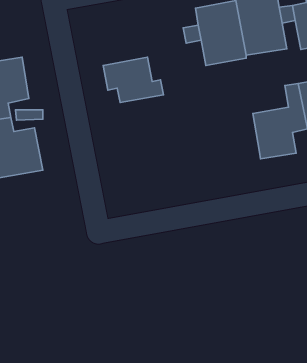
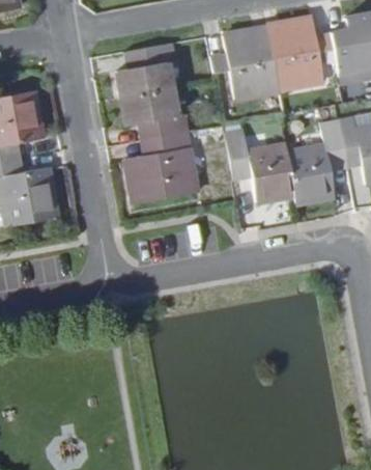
building: none -> [116,43,174,100]
building: none -> [224,129,293,202]
building: none -> [124,132,195,203]

